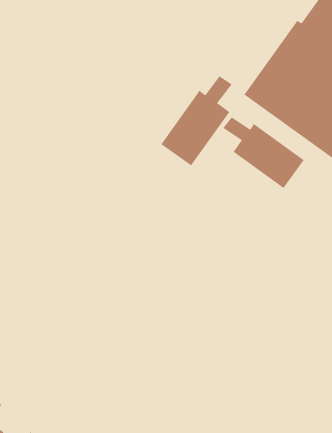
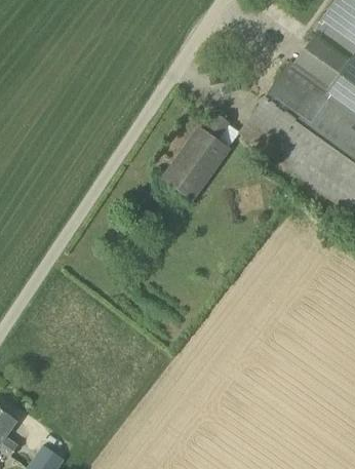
building: [223,116,305,189] -> none

